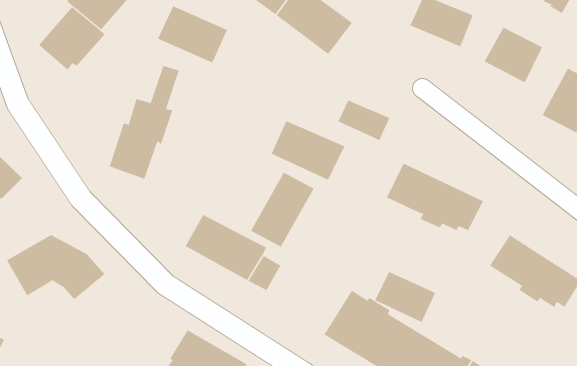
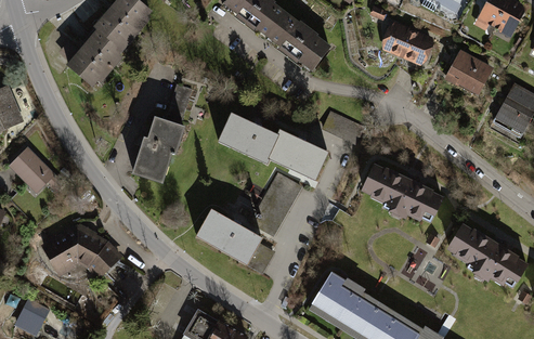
building: [157,5,228,63] -> [216,112,275,160]
building: [375,271,436,323] -> none

